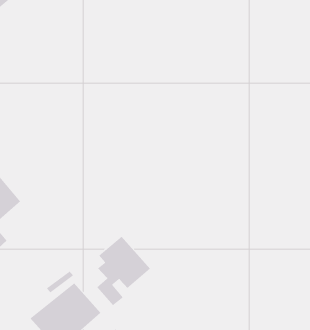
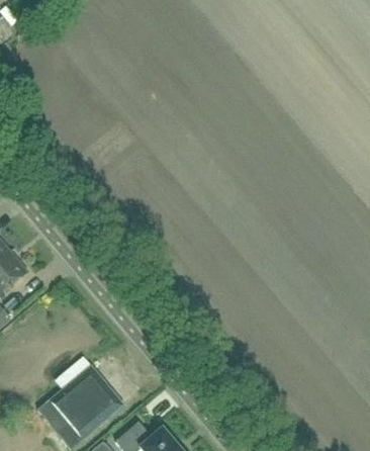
building: [96,236,151,306] -> none

